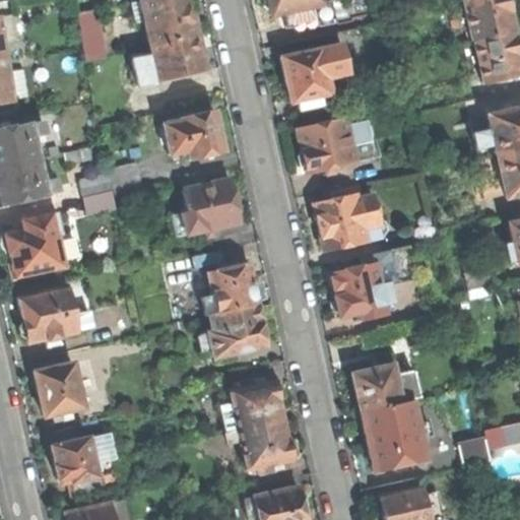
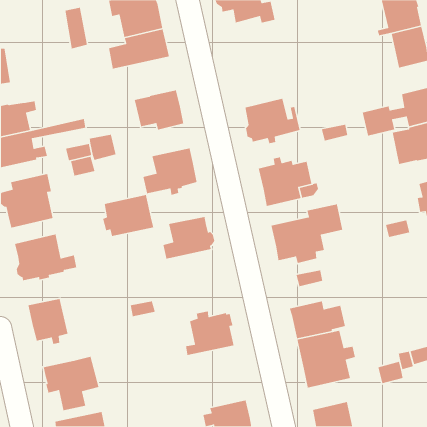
building: [280,44,348,106] -> none
building: [204,303,267,354] -> [102,194,154,237]
building: [228,419,298,472] -> none

